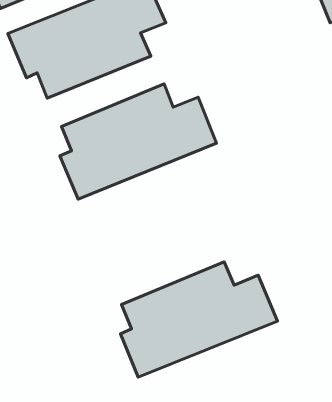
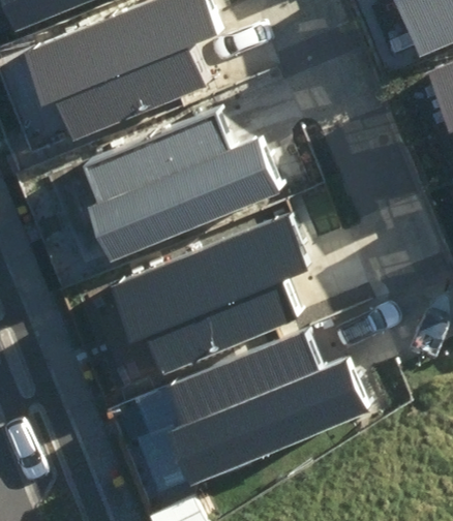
building: none -> [115,216,310,365]

